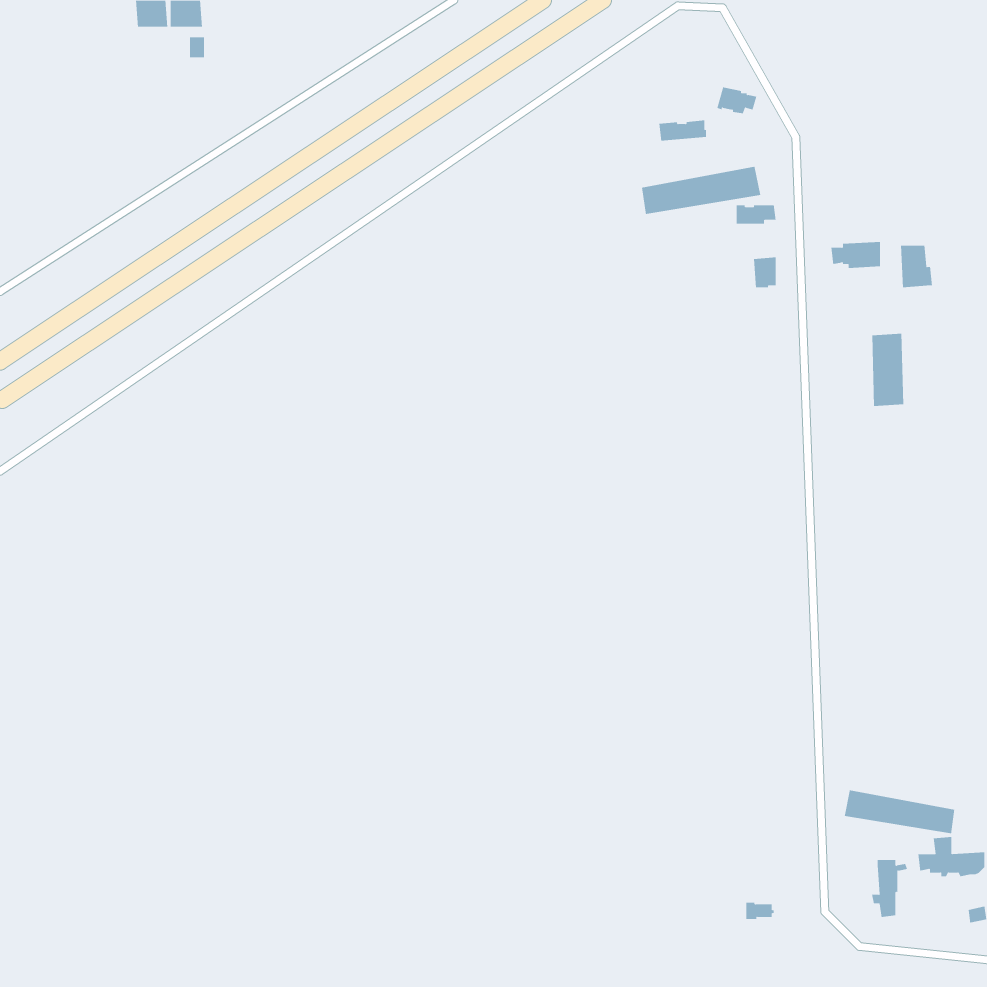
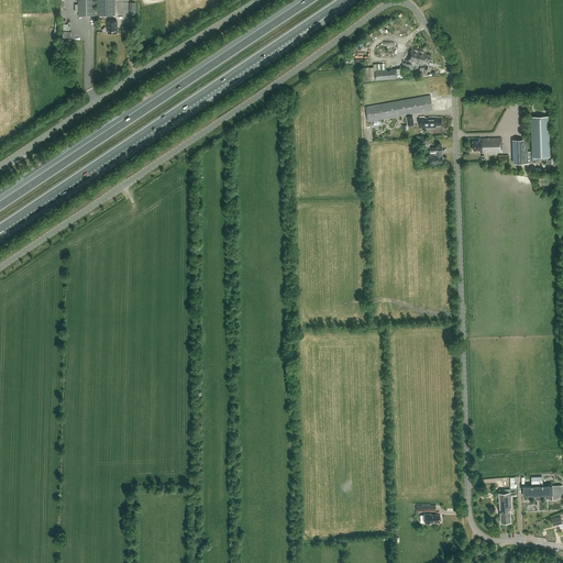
building: [871,333,904,406] -> [531,115,550,157]
building: [844,789,955,834] -> none

